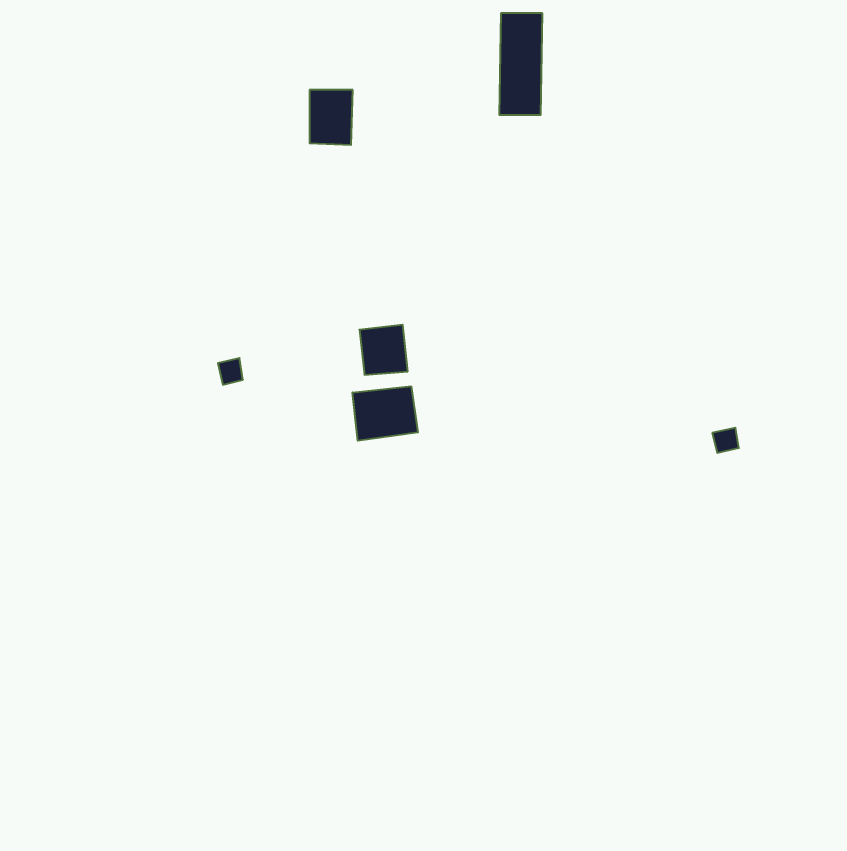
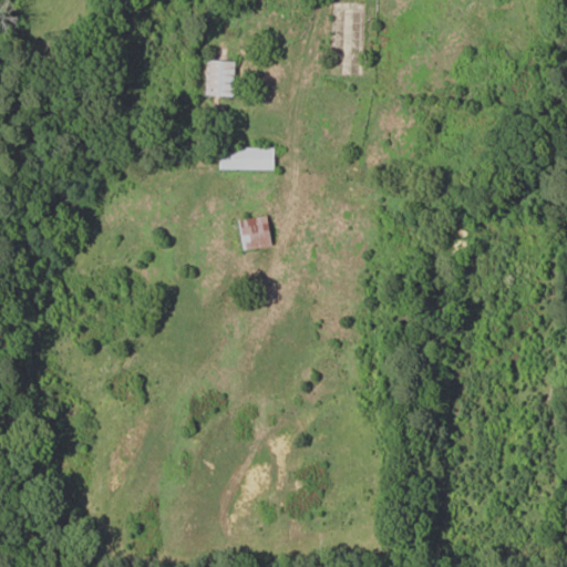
building: none -> [219,146,275,169]
building: [353,386,418,441] -> none

